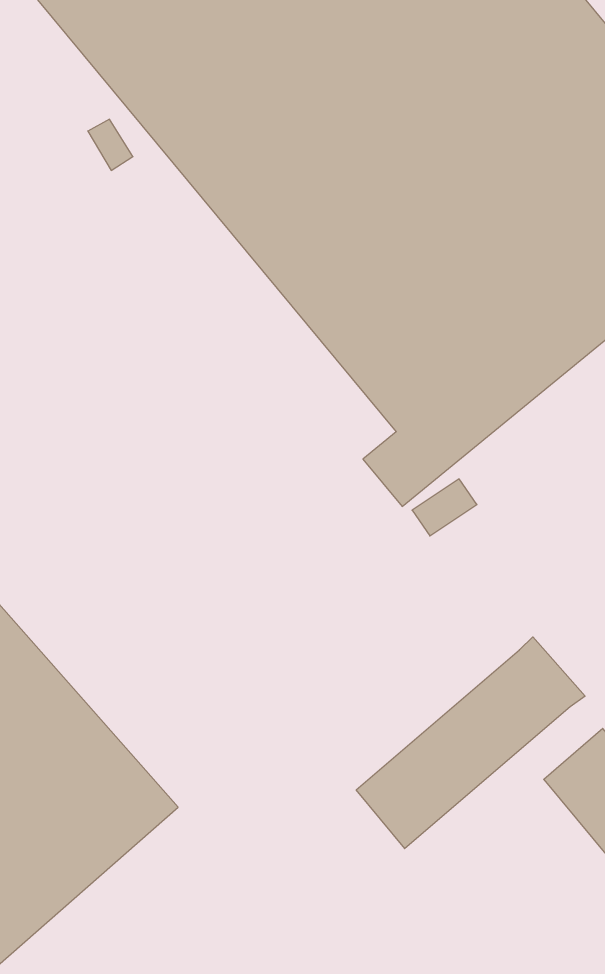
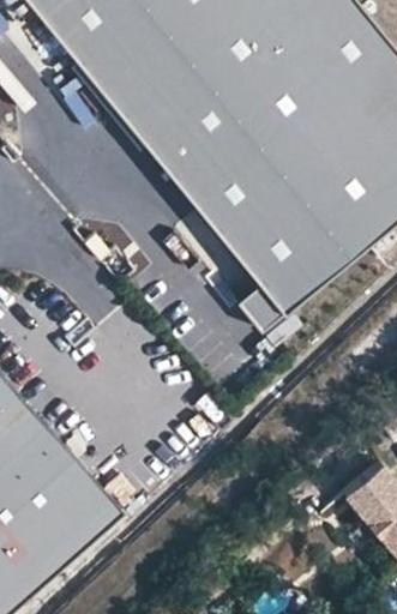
building: [356,637,585,849] -> none

